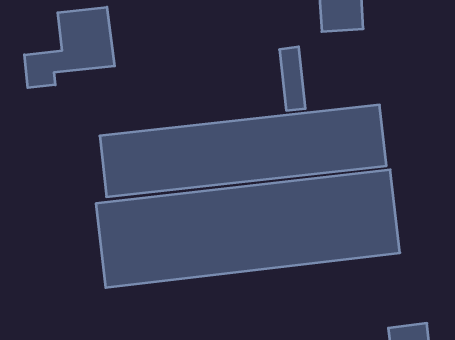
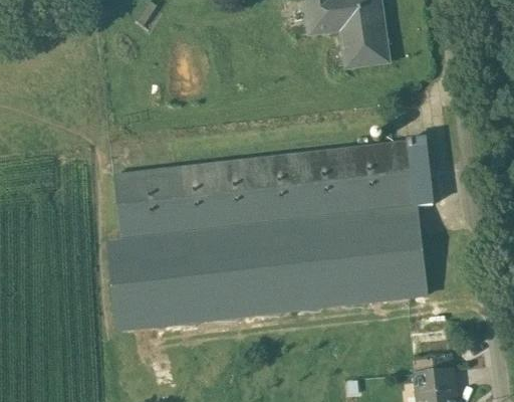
building: [24,7,115,88] -> none
building: [279,47,305,110] -> [406,138,433,204]

